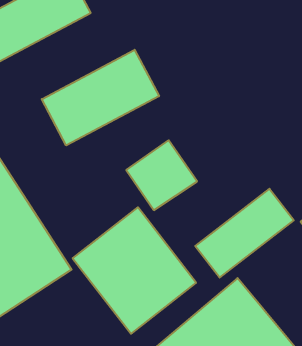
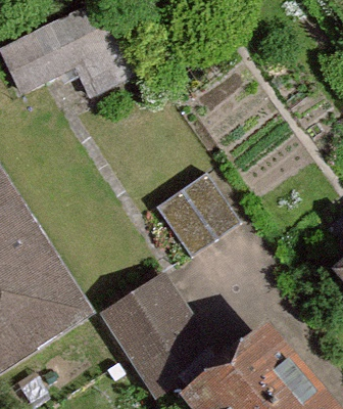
building: [42,50,159,145] -> none
building: [195,189,294,278] -> none

